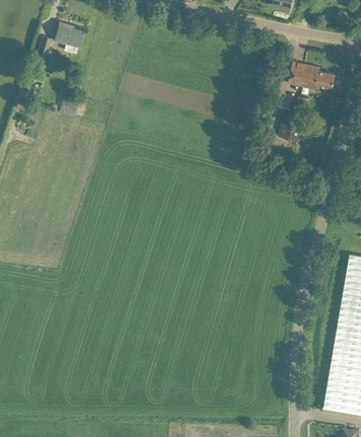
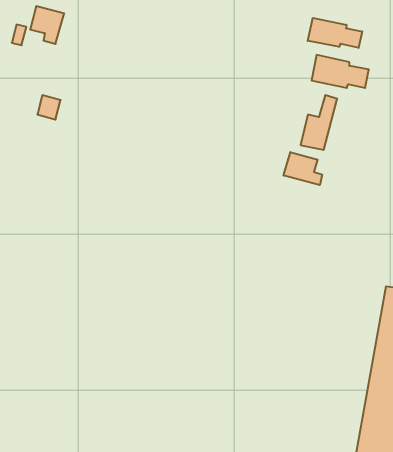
building: none -> [308,18,362,48]
building: none -> [284,152,322,185]

